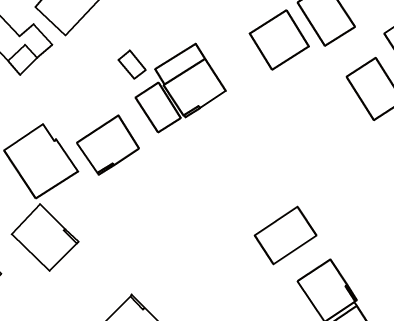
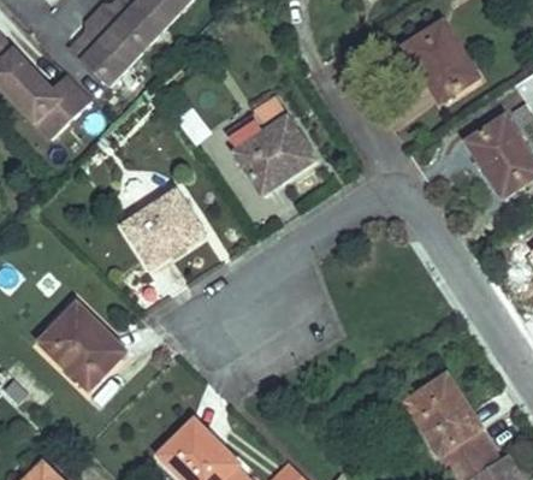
building: [250,10,309,70] -> none
building: [136,83,181,132] -> none
building: [4,124,78,198] -> none
building: [255,207,316,264] -> none

